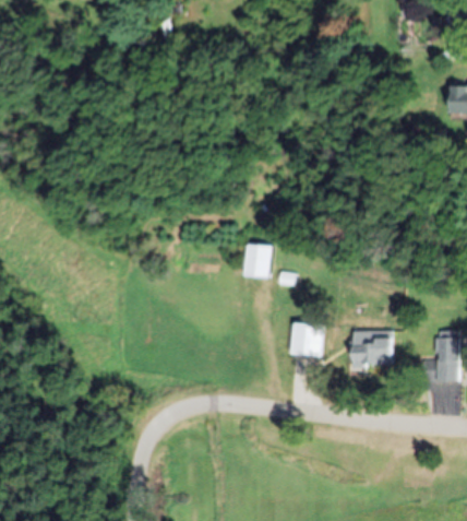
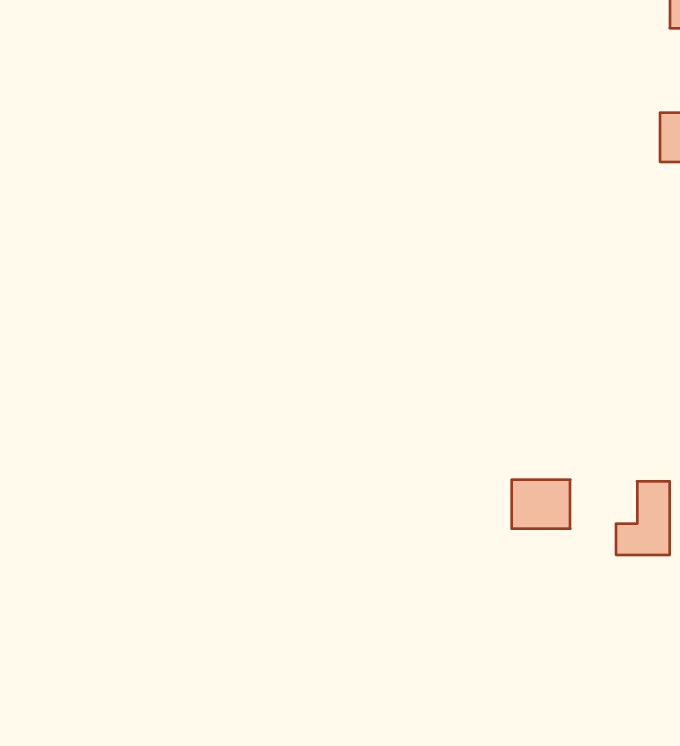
building: [244,246,271,276] -> none
building: [291,323,322,357] -> none

